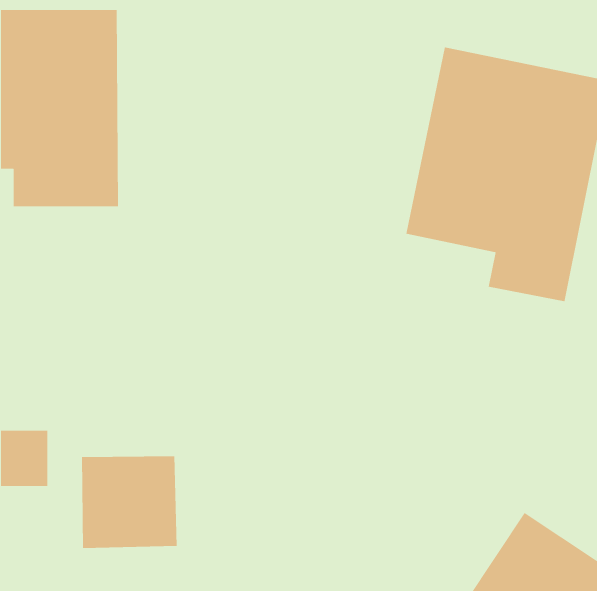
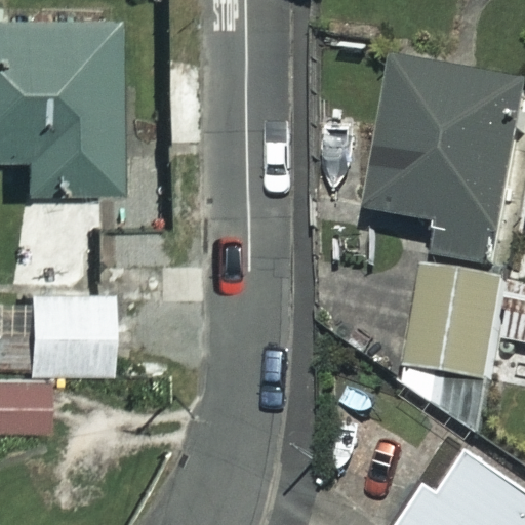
building: none -> [406,276,507,389]
building: [81,456,177,549] -> [25,295,109,376]

